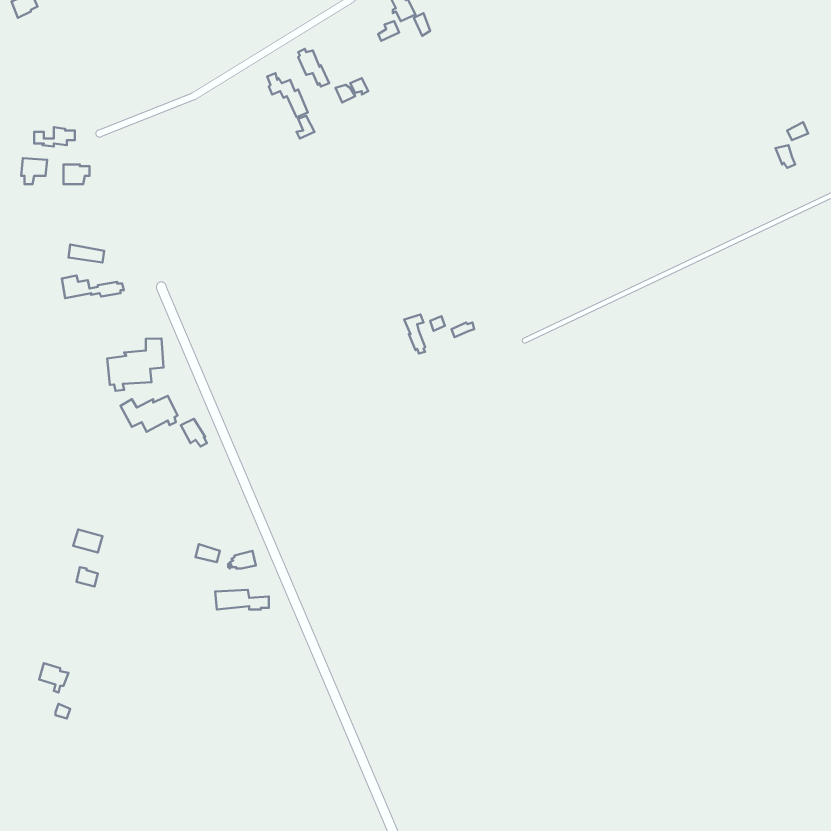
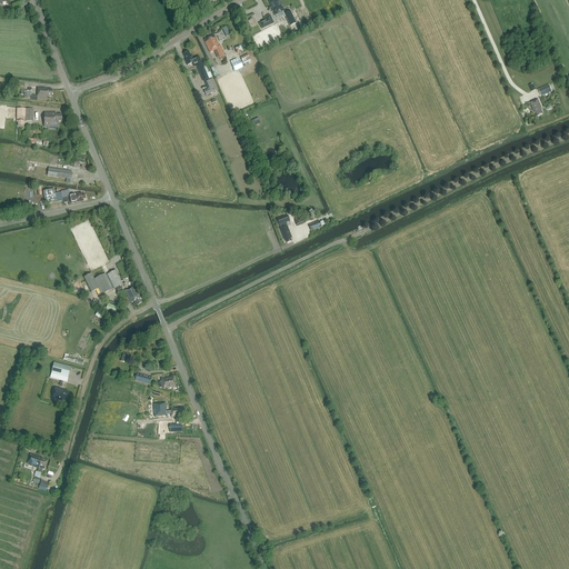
building: [107,338,163,391] -> none

